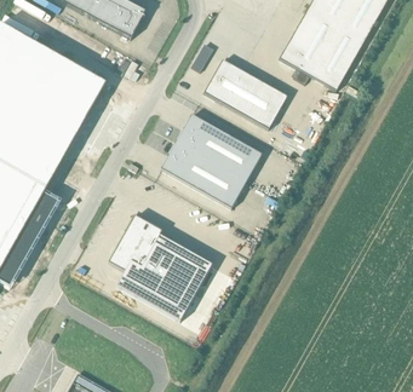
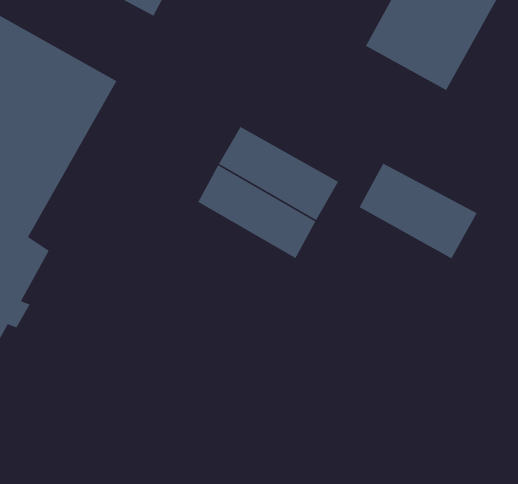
building: [203,58,287,126] -> [358,163,478,260]
building: [108,213,211,318] -> none

